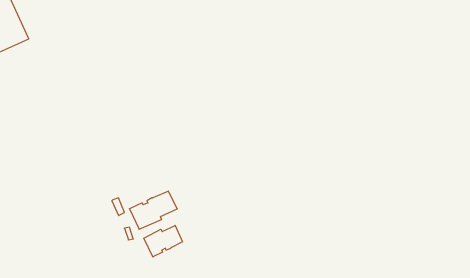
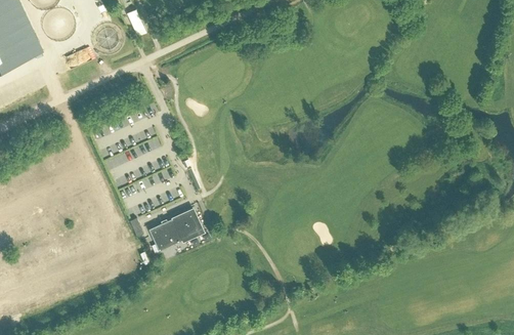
building: [144,225,183,257] -> none

